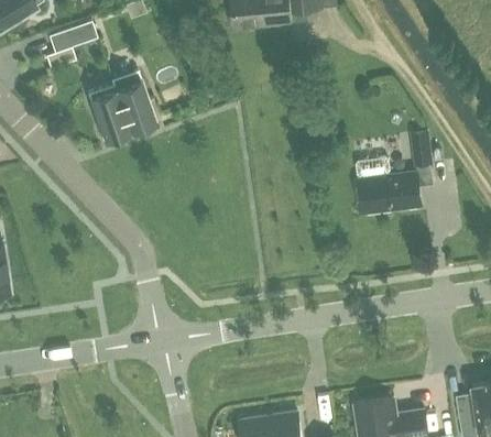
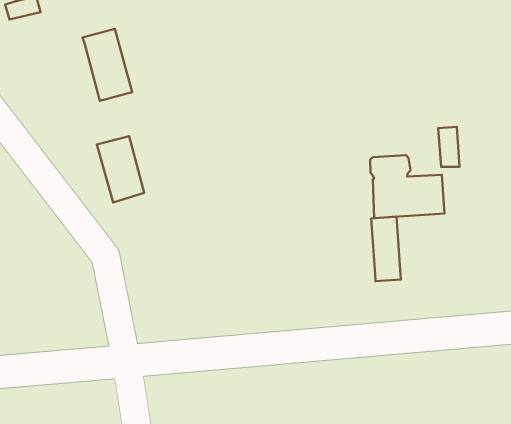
building: [86,85,128,141] -> [97,136,144,203]
building: none -> [371,217,401,281]

